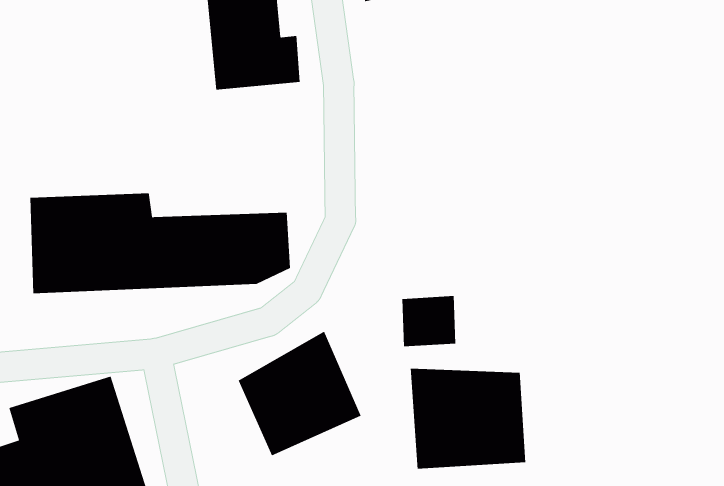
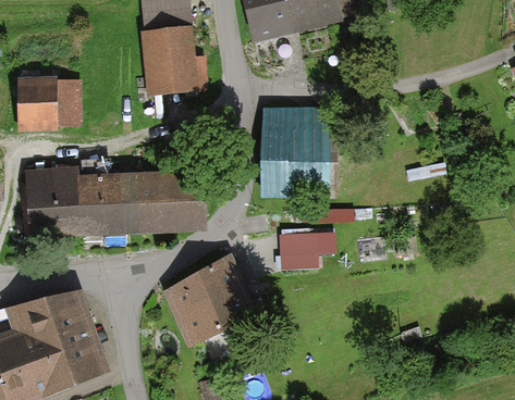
building: none -> [17,74,82,134]
building: none -> [259,109,330,191]
building: [410,368,526,469] -> none

